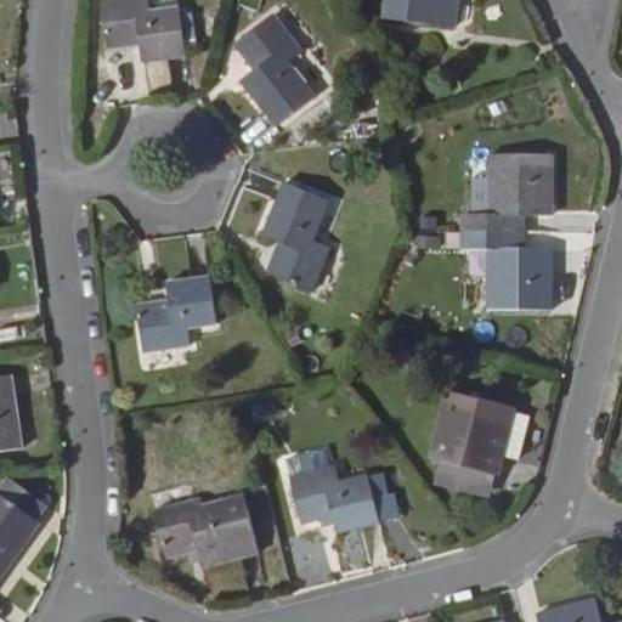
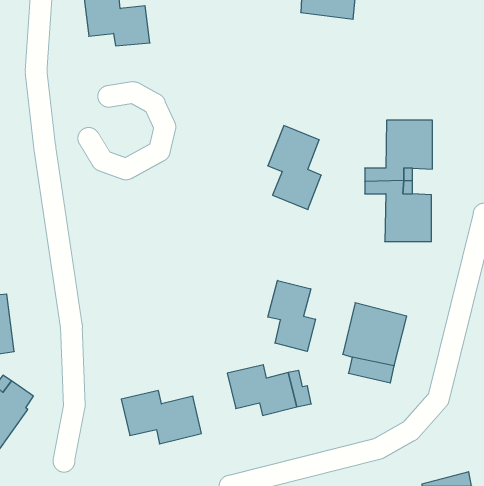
building: [236,15,312,125] -> none
building: [259,186,327,293] -> [268,126,321,210]
building: [132,277,210,354] -> none
building: none -> [268,280,315,351]

